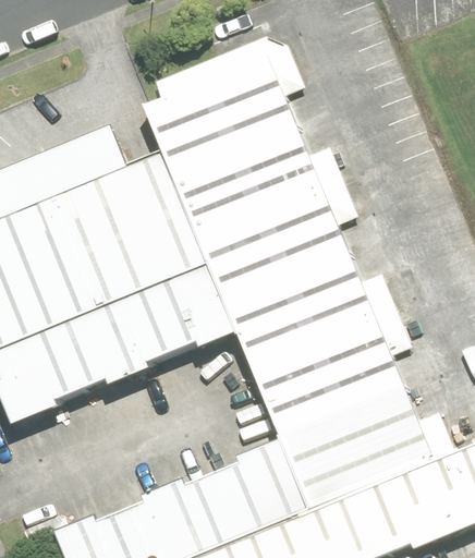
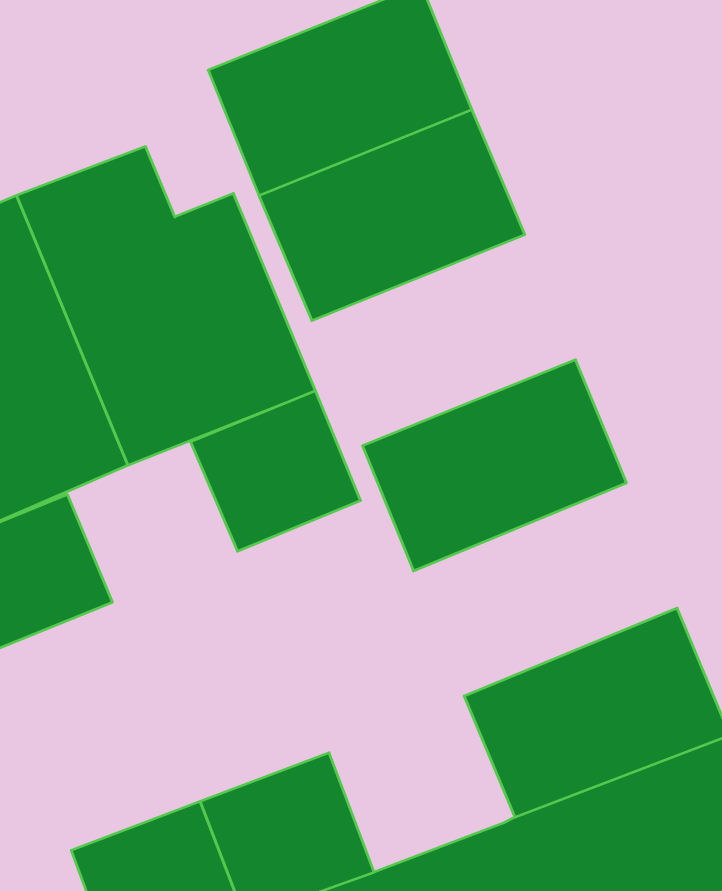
building: [203,180,350,298] -> none
building: [66,295,161,385] -> none
building: [259,318,406,437] -> none
building: [212,441,309,535] -> none

